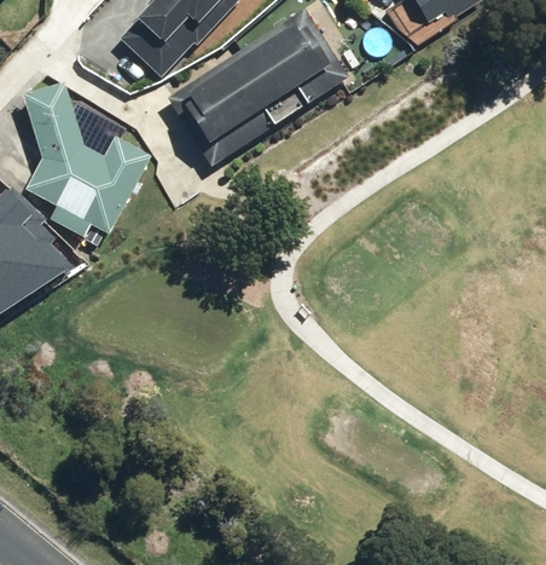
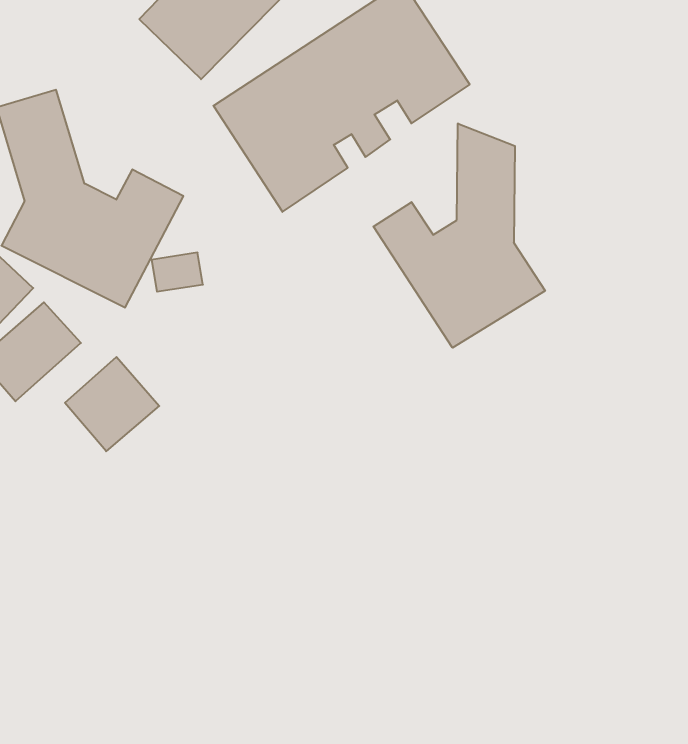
building: none -> [373,123,545,348]
building: none -> [65,357,159,451]

